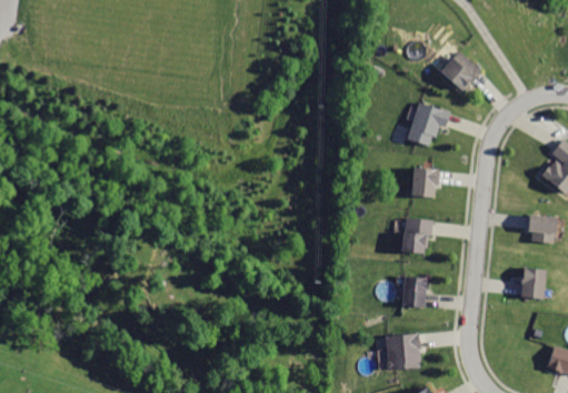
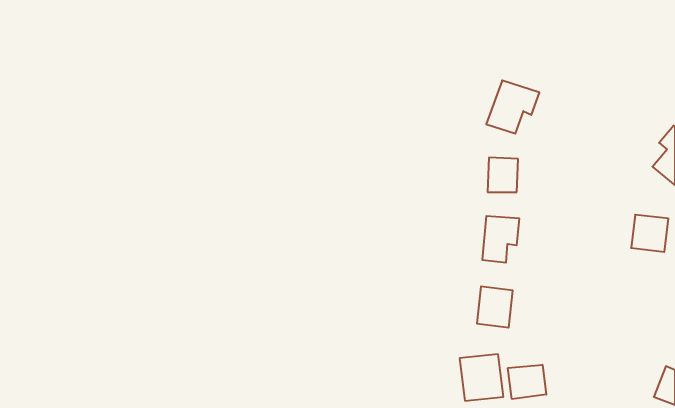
building: [440,50,482,93] -> none
building: [520,265,548,299] -> none
building: none -> [508,365,546,399]

